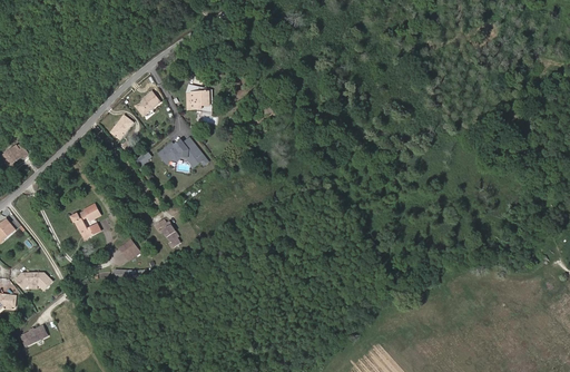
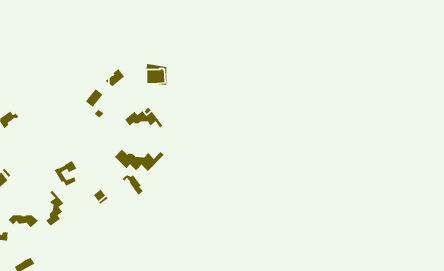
building: none -> [114,149,164,172]
building: none -> [45,190,65,227]

